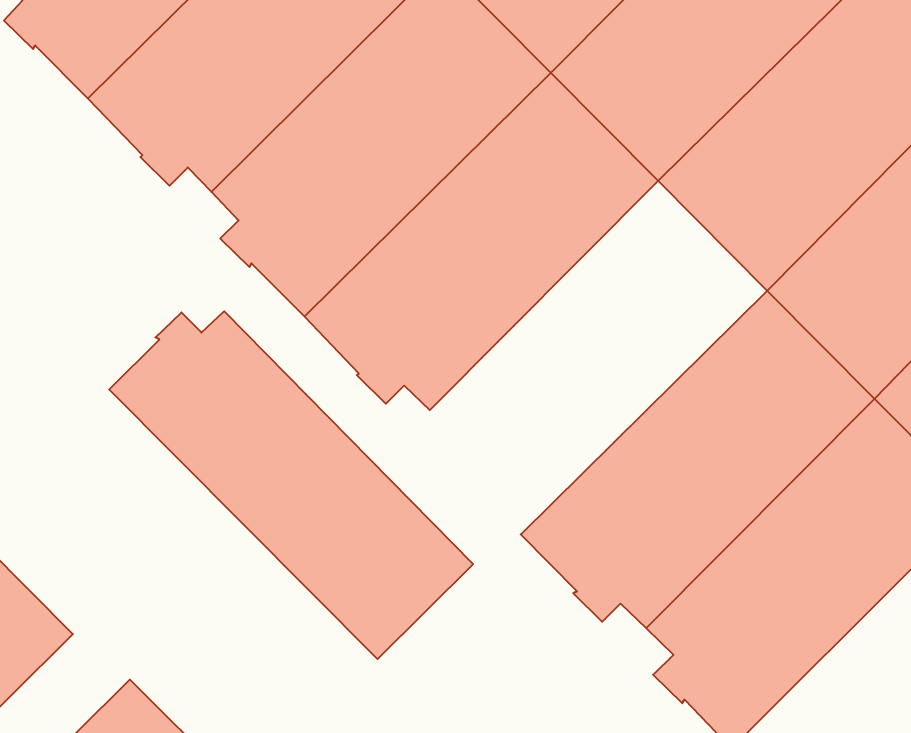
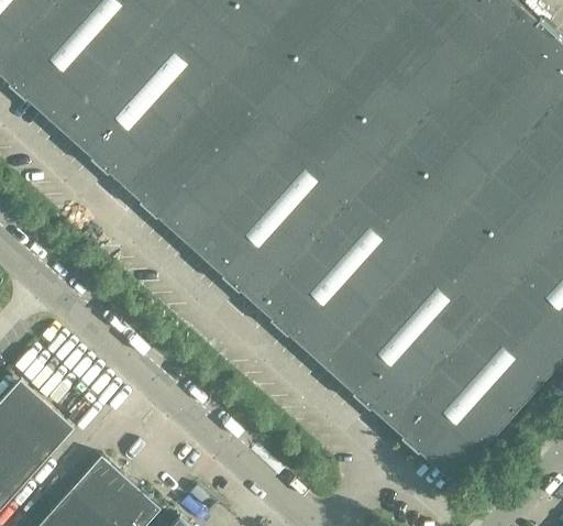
building: none -> [265,155,454,362]
building: [109,311,473,659] -> none

